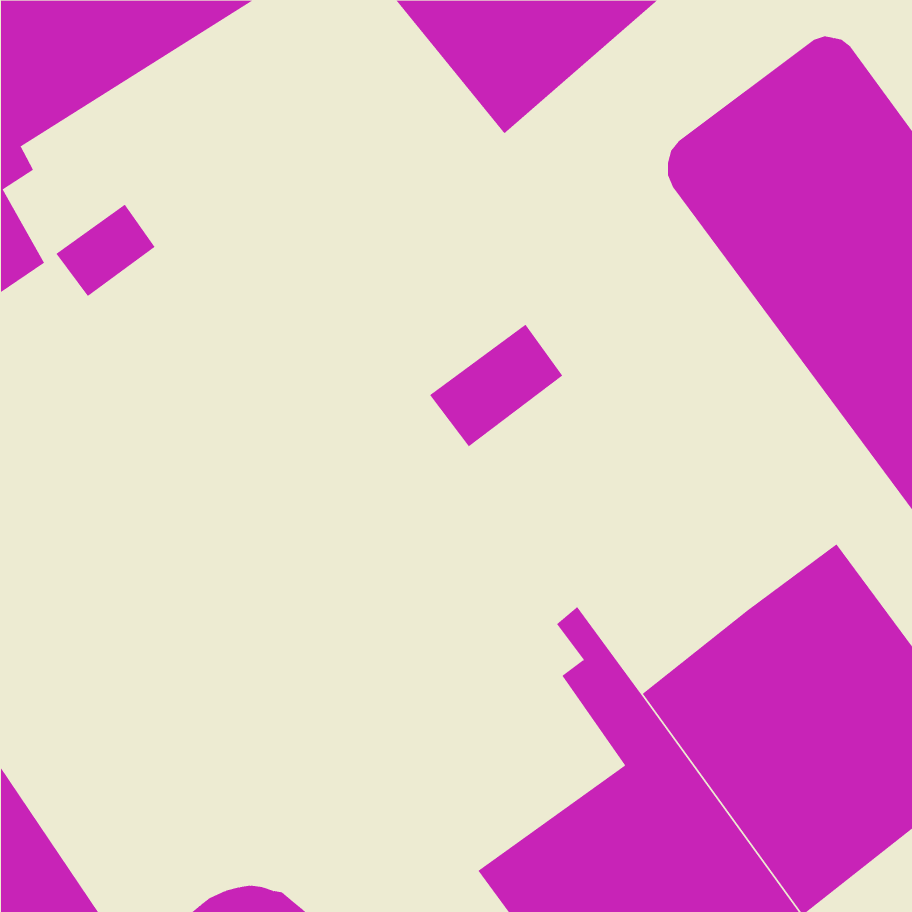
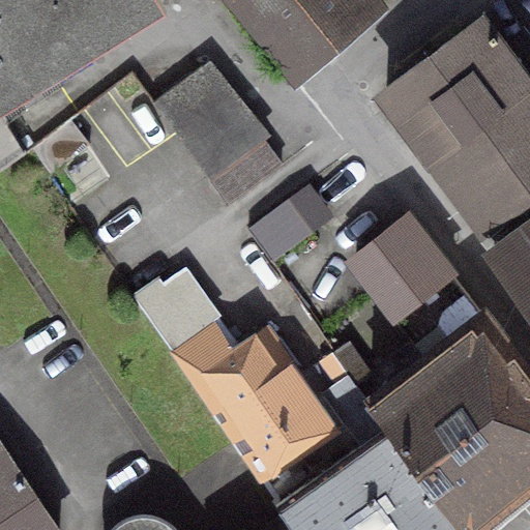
building: none -> [154,65,263,179]
building: none -> [357,215,485,354]
building: none -> [140,269,336,479]

